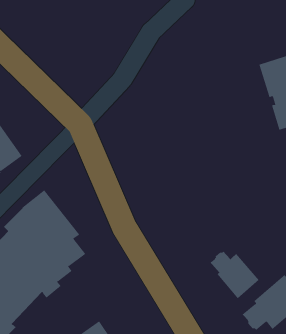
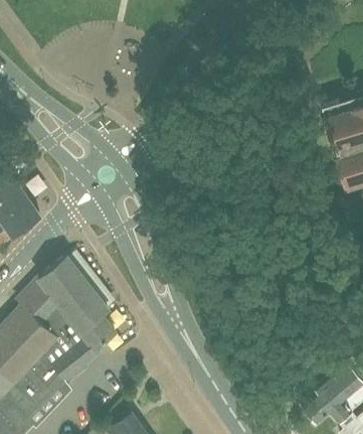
building: [209,251,260,299] -> none

